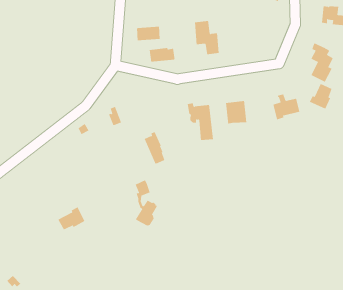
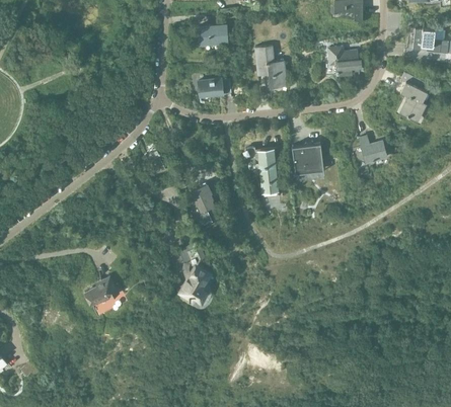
building: none -> [326,46,359,76]
building: [136,26,161,41] -> [198,25,228,44]
building: [309,83,332,110] -> none

